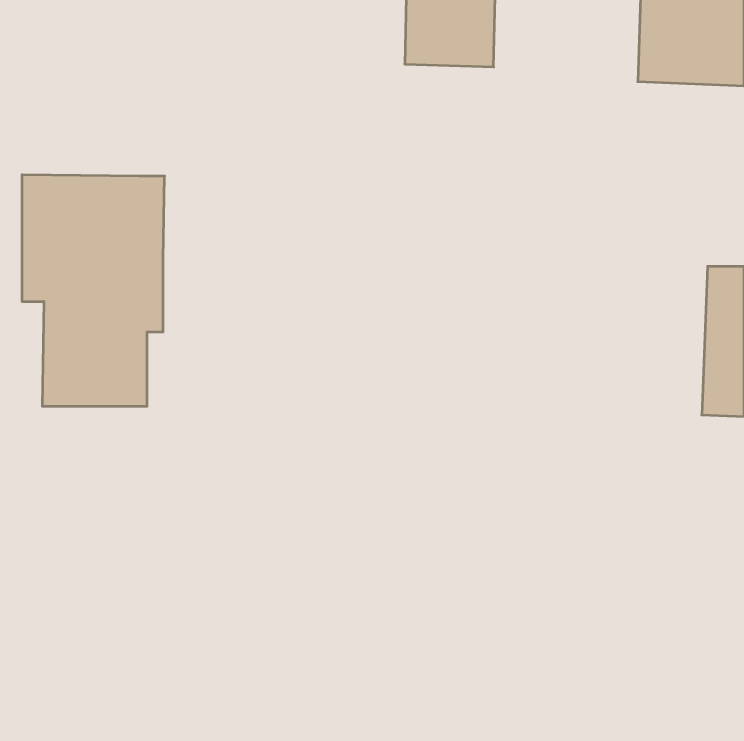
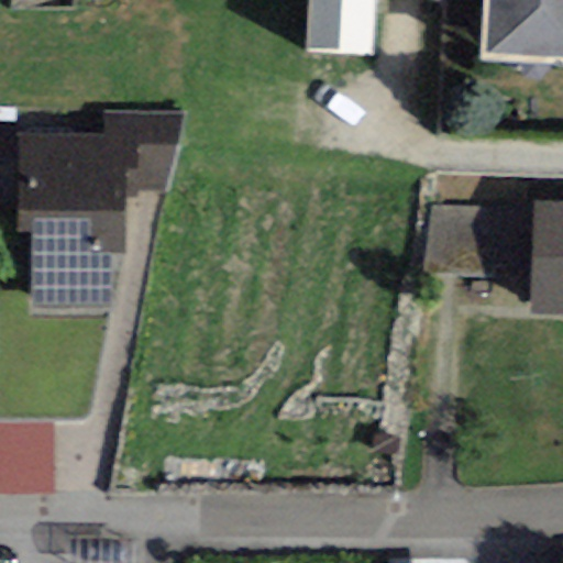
building: none -> [103,111,183,196]
building: none -> [423,203,496,269]

